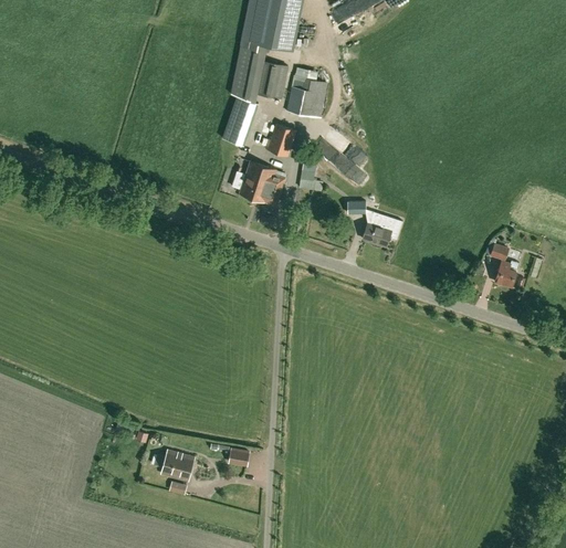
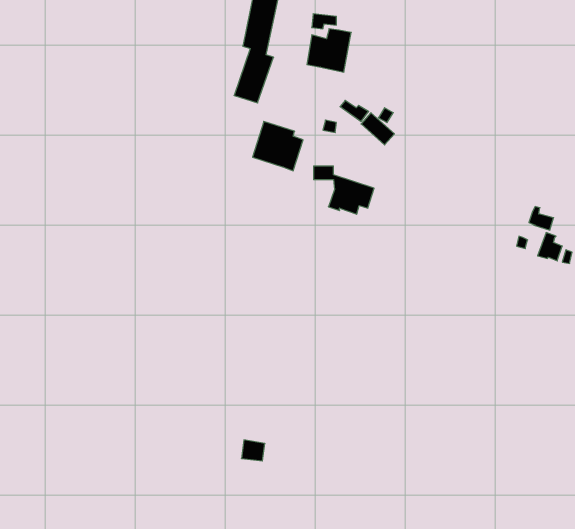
building: [254,59,289,98] -> none
building: [265,123,296,157] -> none
building: [348,201,402,244] -> [314,166,374,214]
building: [161,450,195,481] -> none

